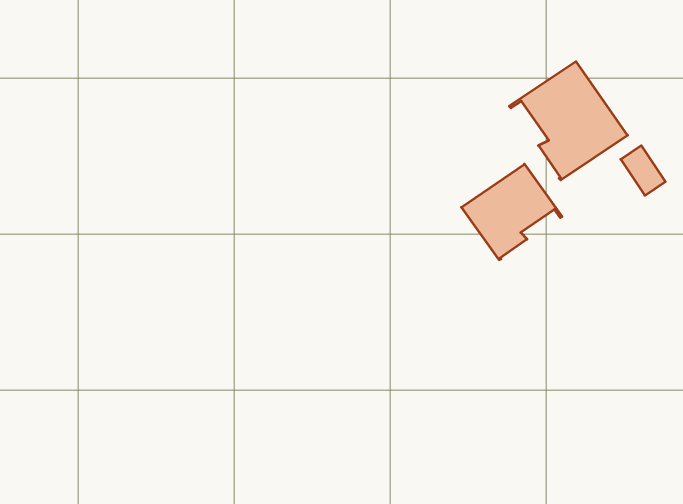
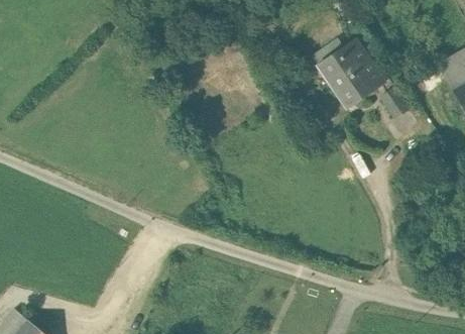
building: [461,164,562,260] -> none

